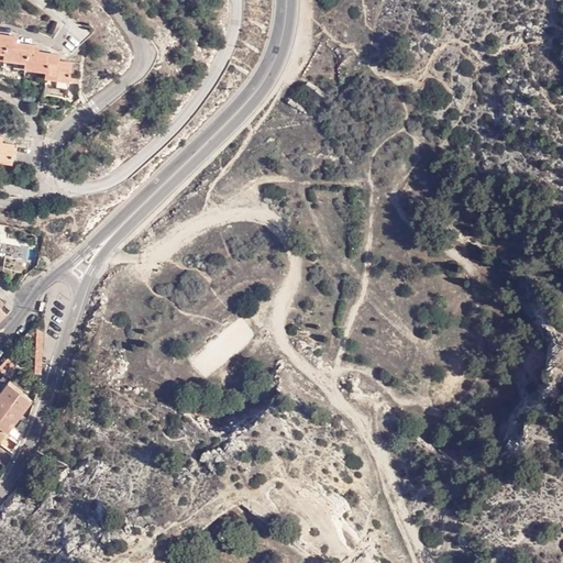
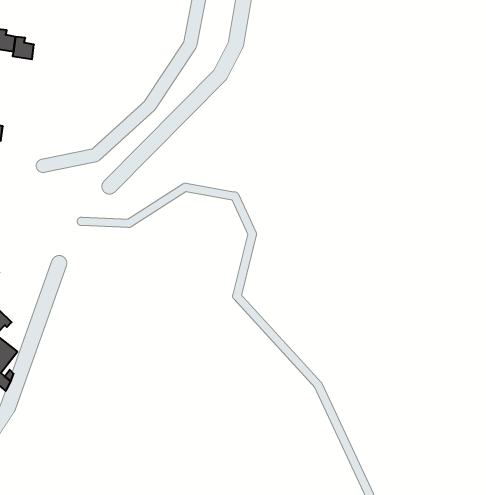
building: [35,51,60,76] -> none

